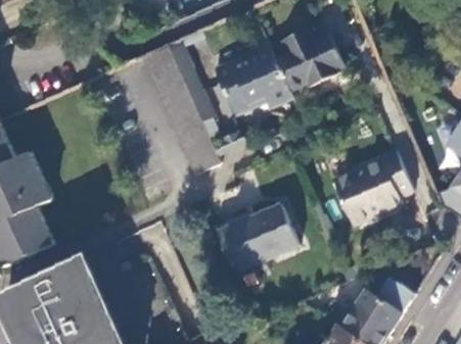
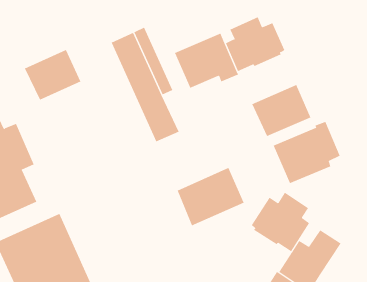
building: none -> [24,49,81,100]
building: none -> [252,84,311,137]
building: none -> [251,192,310,252]

